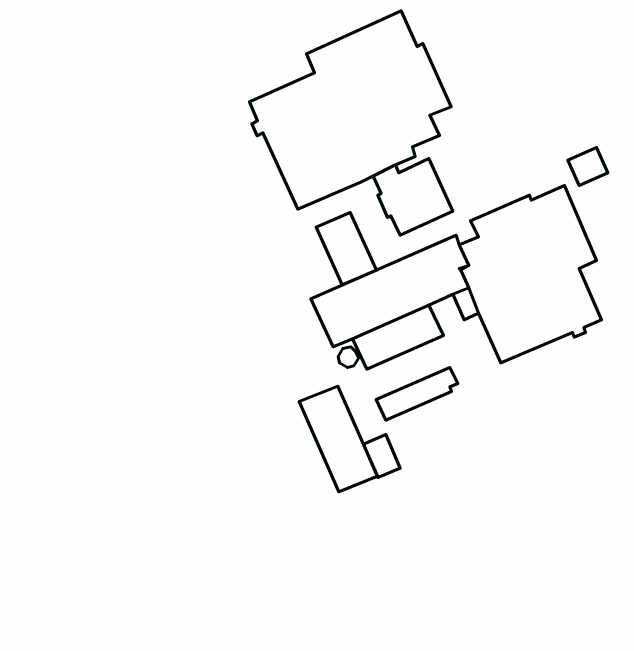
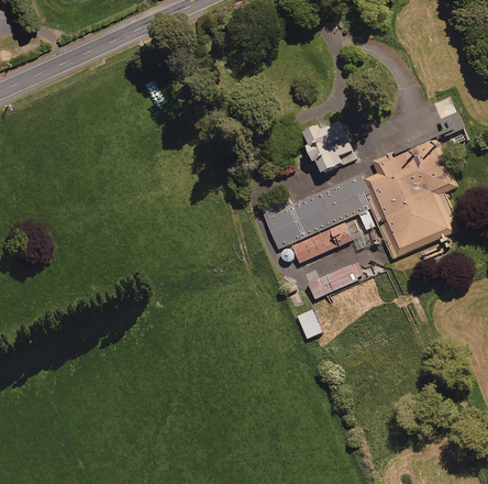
building: [249,11,451,209] -> none
building: [316,213,376,285] -> none
building: [299,386,377,492] -> none

